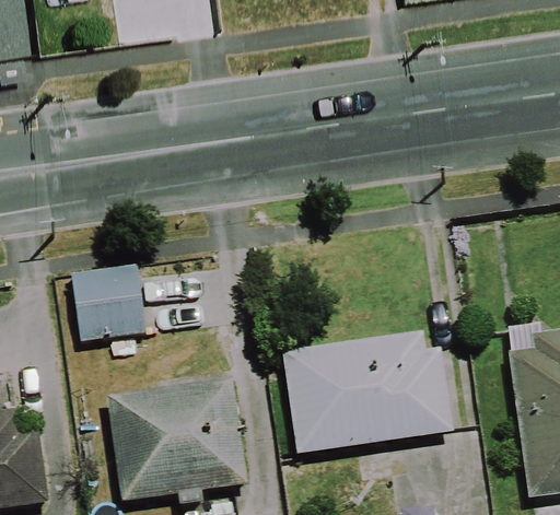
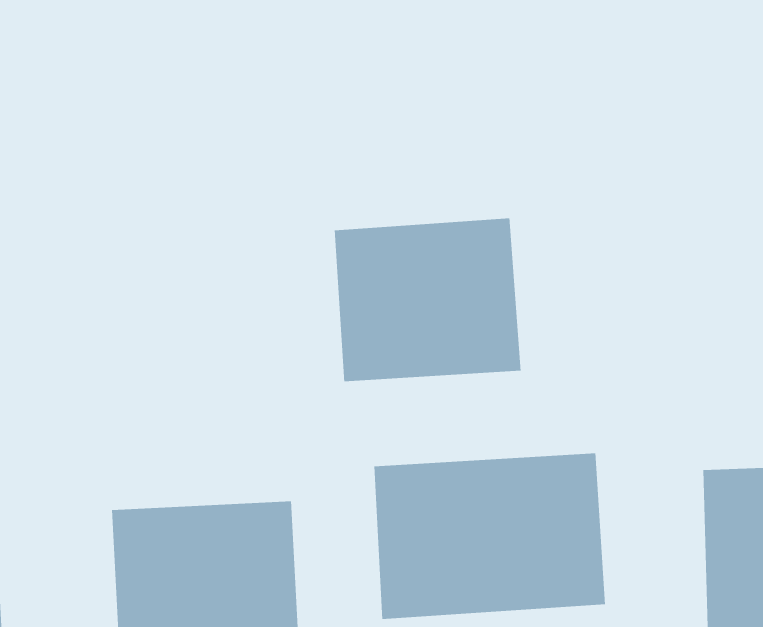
building: none -> [334,218,521,382]
building: [73,270,144,340] -> none

